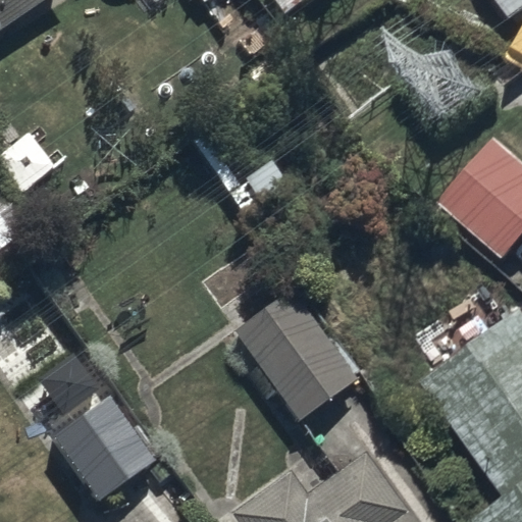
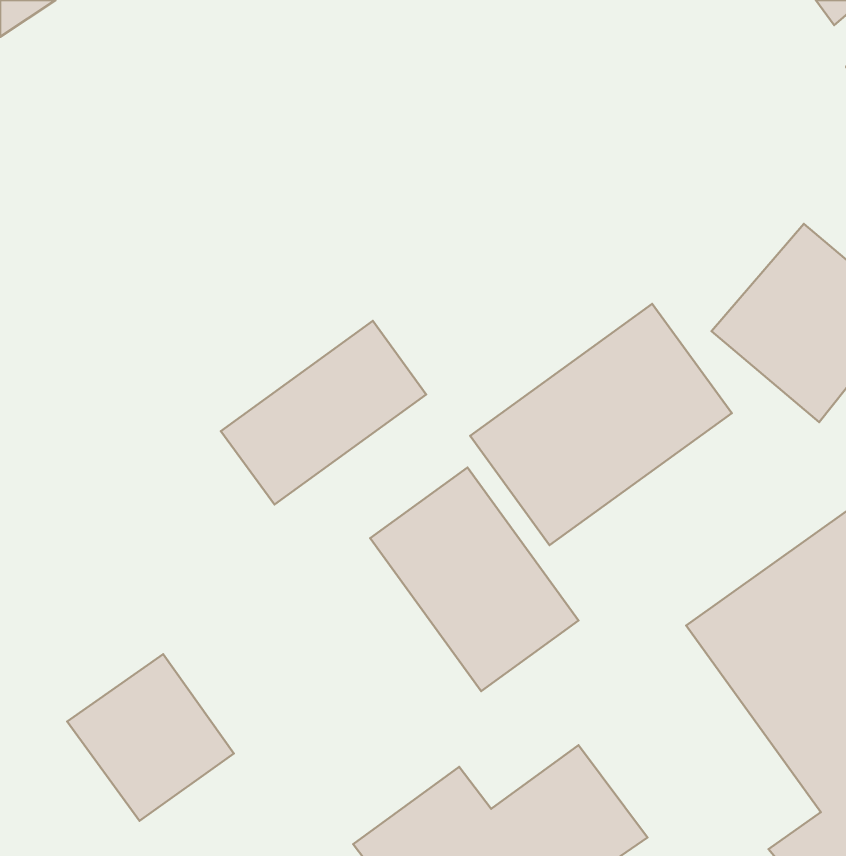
building: none -> [470,304,732,545]
building: none -> [221,321,426,505]

